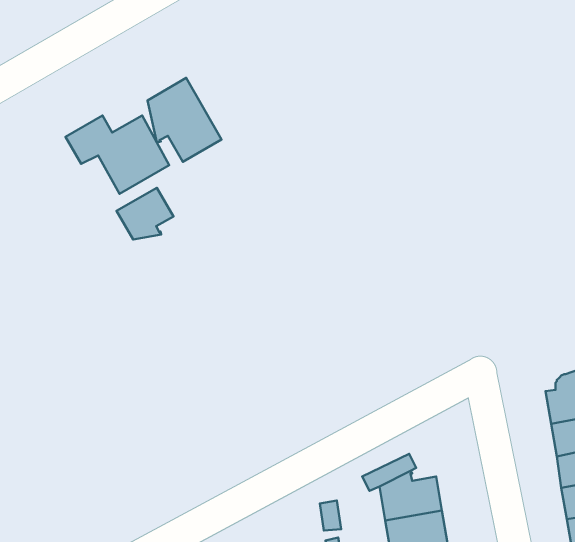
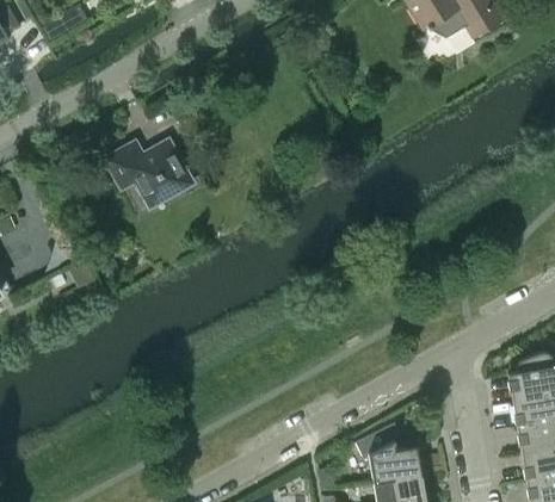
building: [148,78,221,162] -> none
building: [116,188,173,240] -> none

